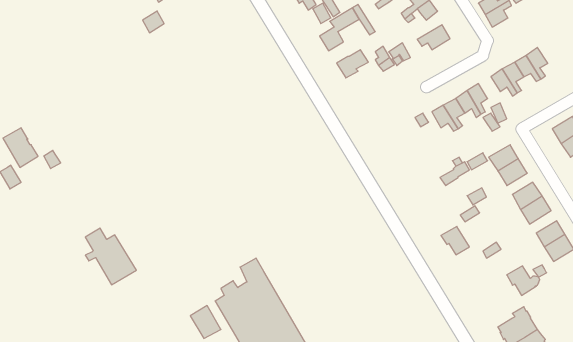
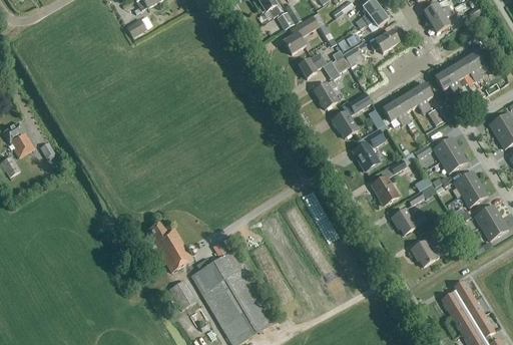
building: none -> [314,79,337,107]
building: none -> [332,90,372,136]
building: none -> [352,127,385,170]
building: none -> [372,176,398,205]
building: [85,228,136,285] -> [148,221,193,271]
building: [507,266,540,295] -> [410,240,439,266]

